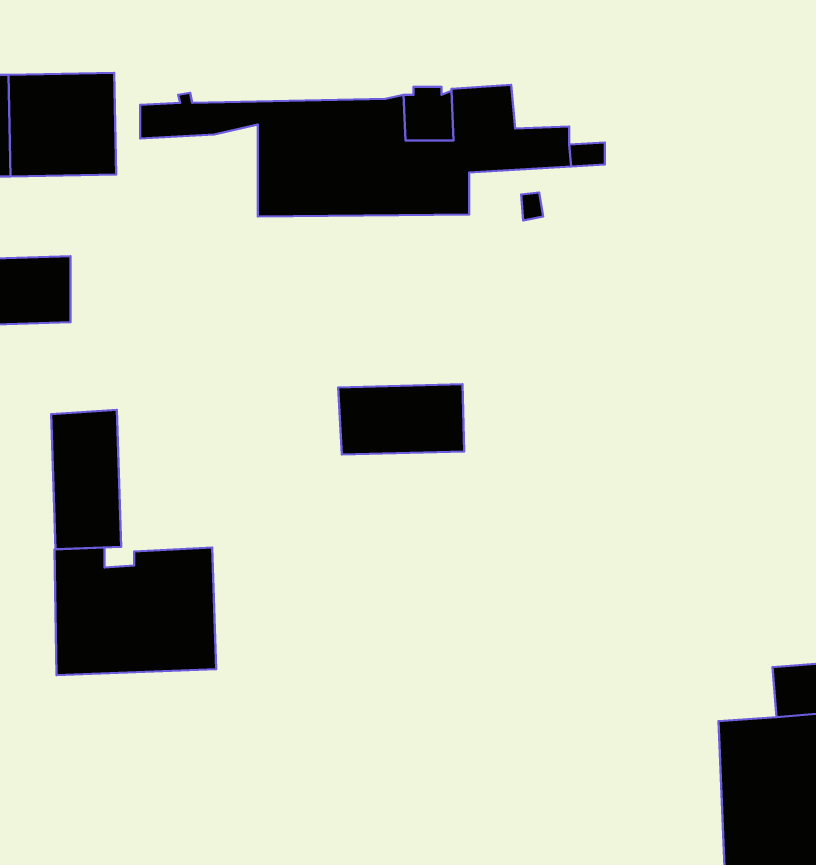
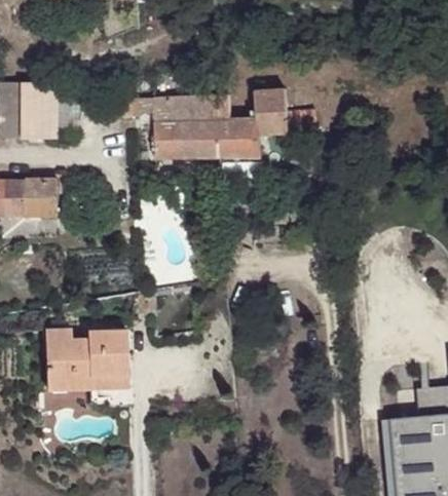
building: [338,384,464,455] -> none
building: [51,410,121,549] -> none

